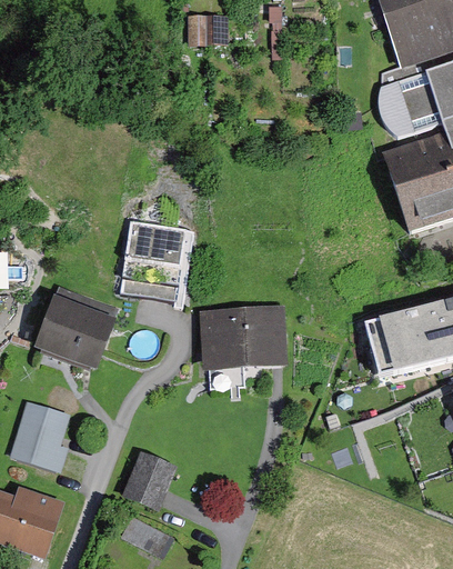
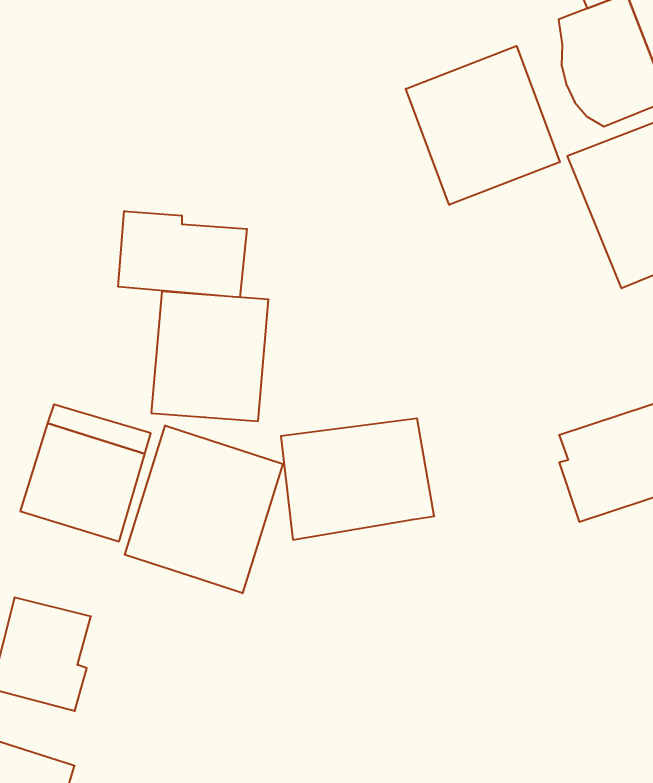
building: none -> [406,46,560,205]
building: none -> [118,211,247,297]
building: none -> [125,425,283,593]
building: [119,450,174,511] -> none

